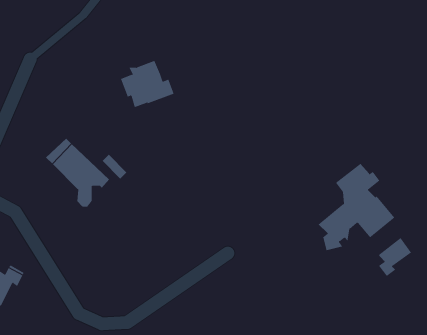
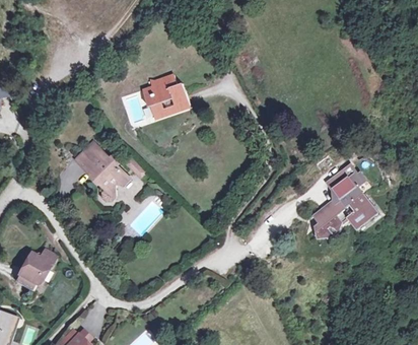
building: [378,237,412,277] -> none

